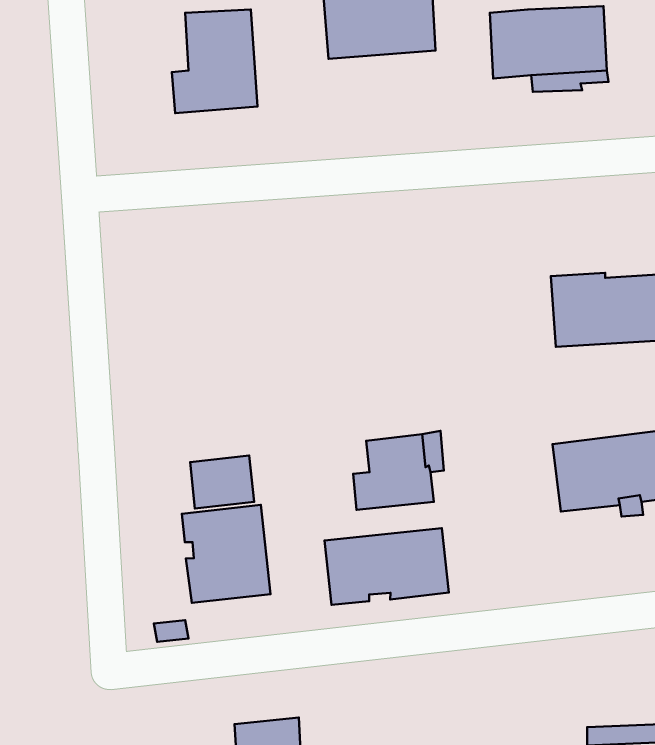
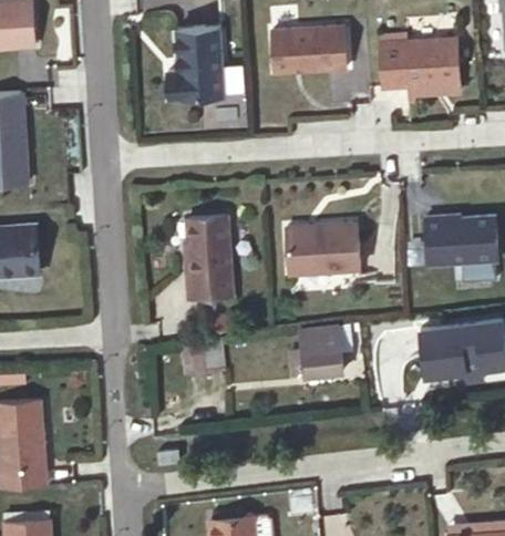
building: none -> [186,218,234,299]
building: none -> [286,224,360,275]
building: [182,505,271,603] -> none
building: [324,528,449,605] -> none

